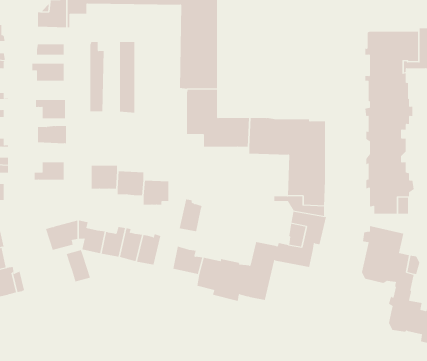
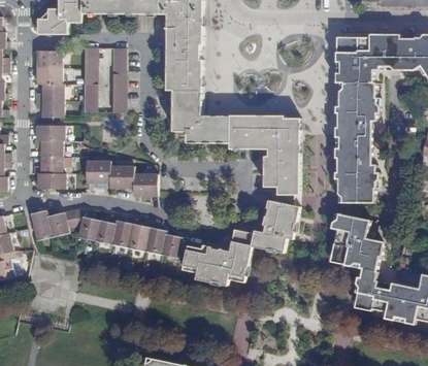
building: none -> [35,82,63,99]
building: none -> [33,138,62,156]
building: none -> [37,172,65,187]
building: [179,199,203,232] -> [143,223,165,253]
building: [66,249,91,282] -> [28,210,51,240]

